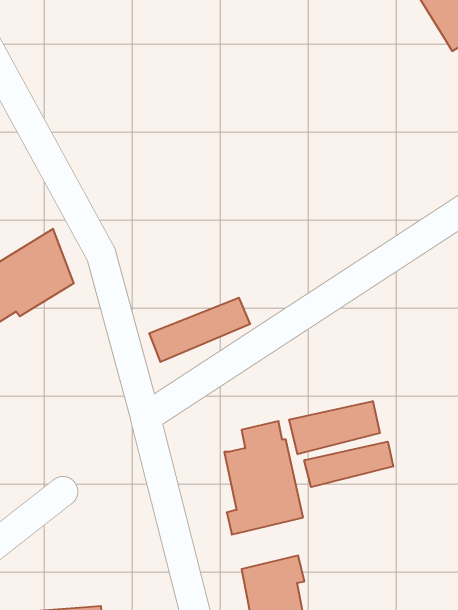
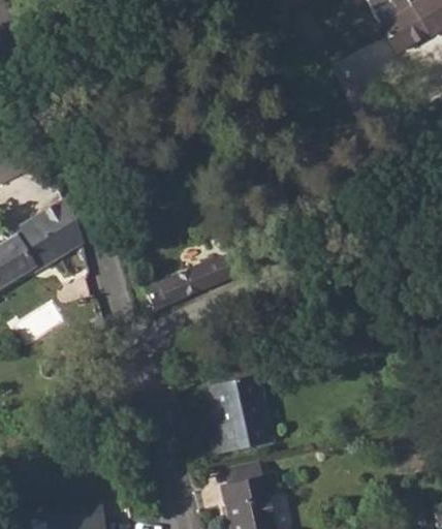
building: [289,401,380,454] -> none
building: [304,442,393,487] -> none

